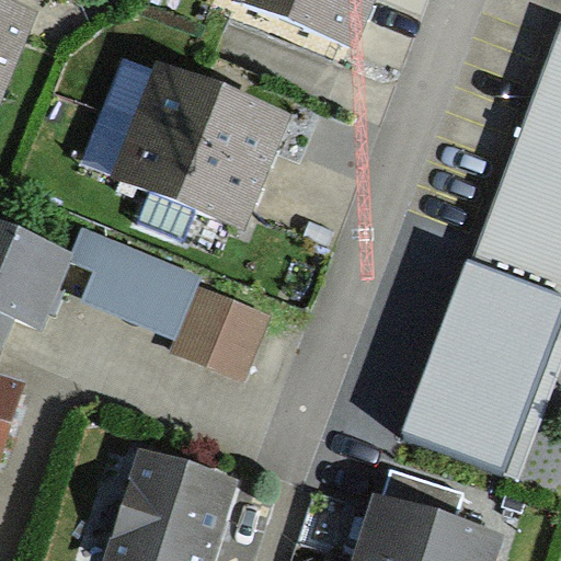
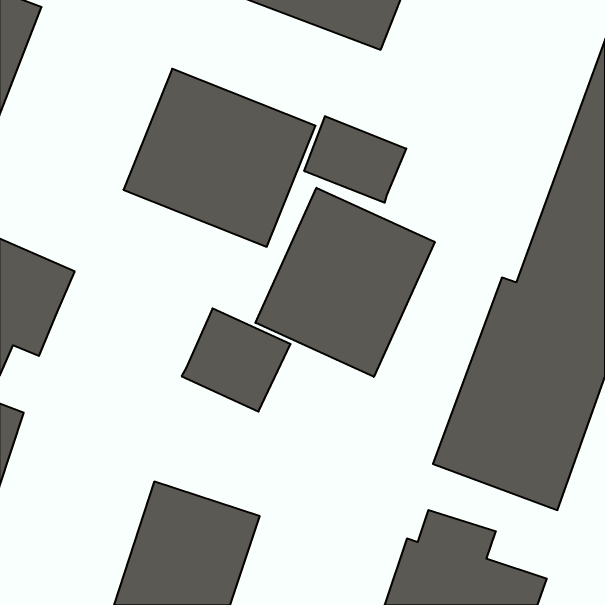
building: none -> [304,116,406,203]
building: none -> [255,188,435,377]
building: [53,226,199,340] -> none

